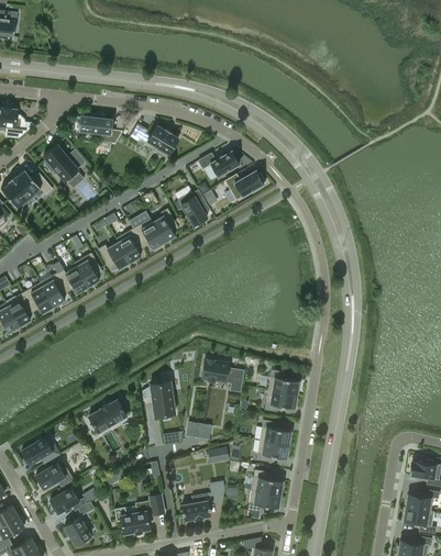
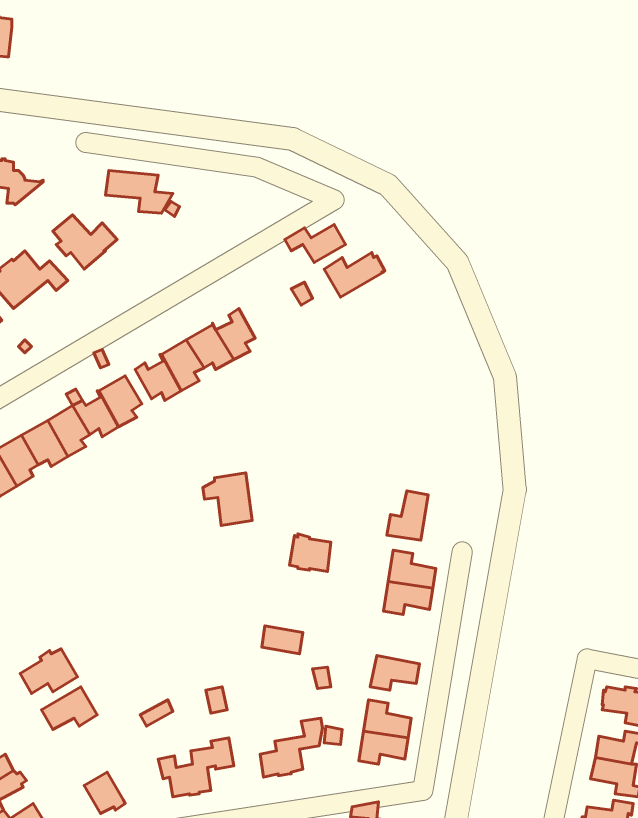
building: [130,125,178,158] -> none
building: [178,192,209,229] -> none
building: none -> [387,491,428,540]
building: [142,381,175,416] -> [203,473,252,525]
building: [88,400,125,432] -> none
building: [260,420,290,445] -> none
building: [49,488,93,515] -> none

